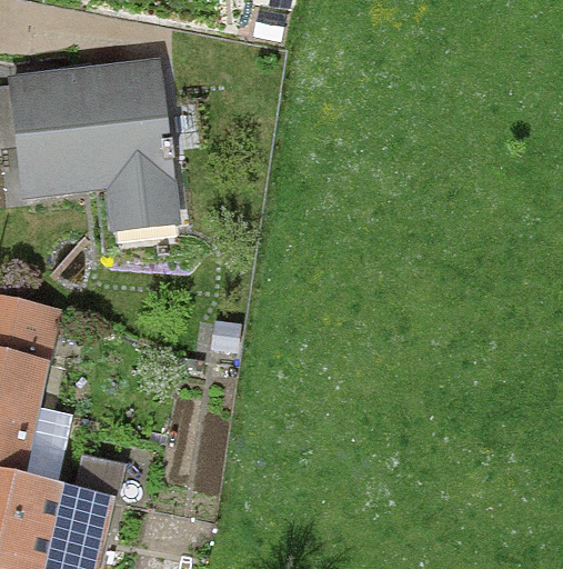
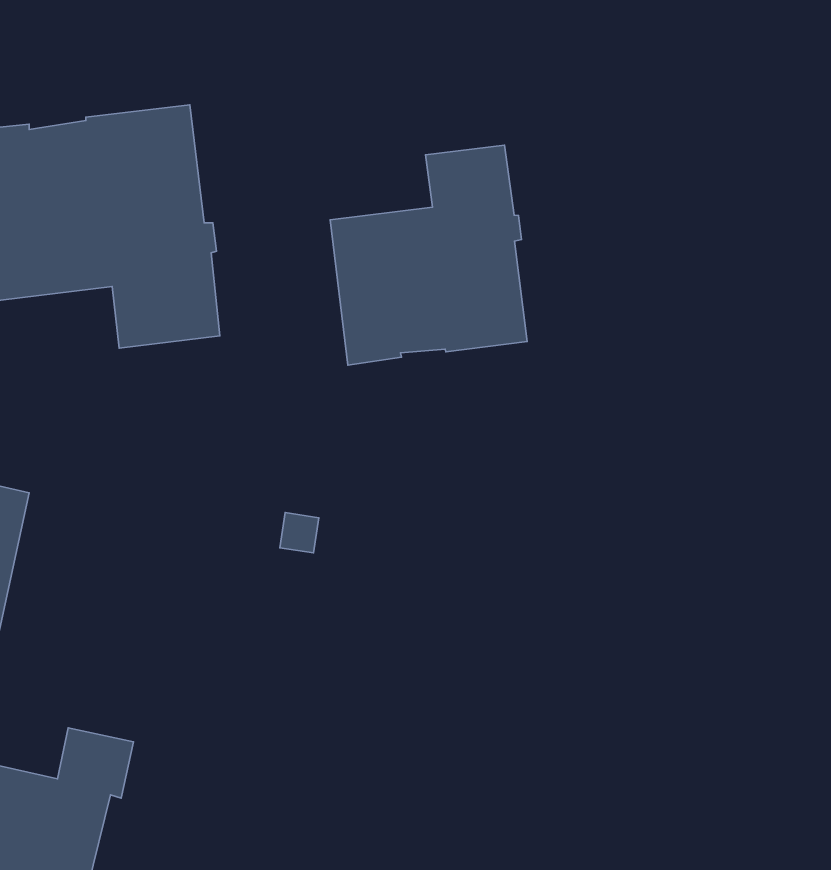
building: none -> [330,145,527,365]

